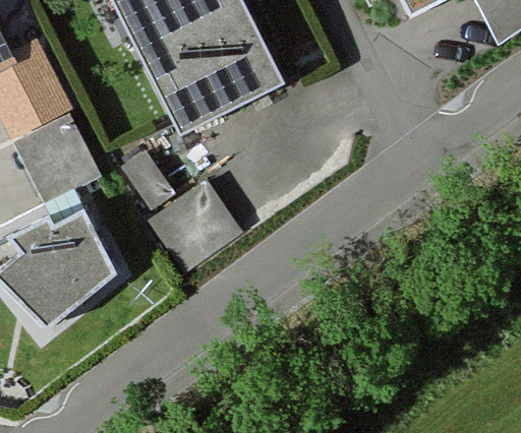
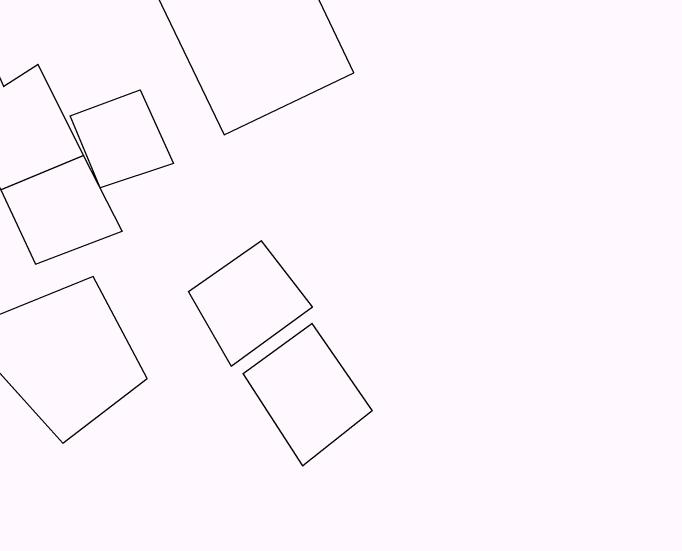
building: none -> [70,90,174,188]
building: none -> [243,323,372,466]

